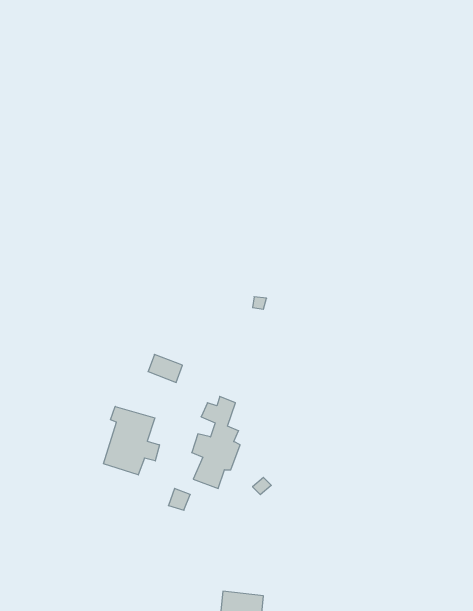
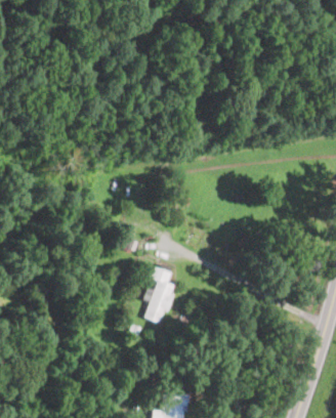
building: [104,406,159,475] -> none

